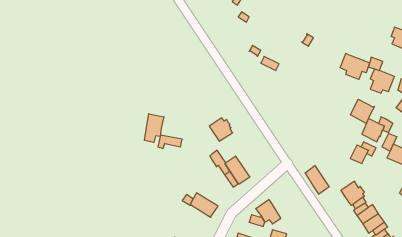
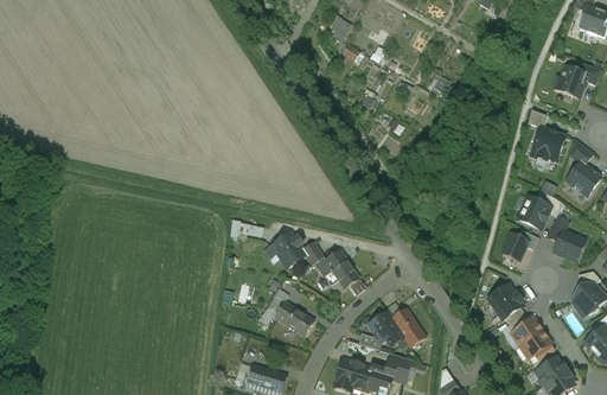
building: [340,53,370,79] -> none
building: [350,99,374,123] -> none
building: [144,114,164,142] -> none
building: [209,118,233,141] -> [273,234,306,267]
building: [305,166,329,194] -> [391,307,426,348]

